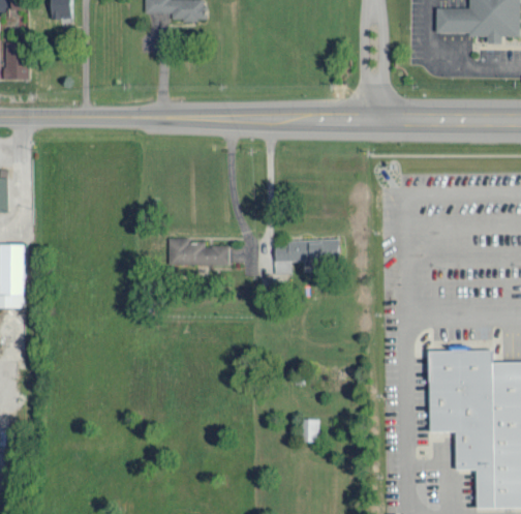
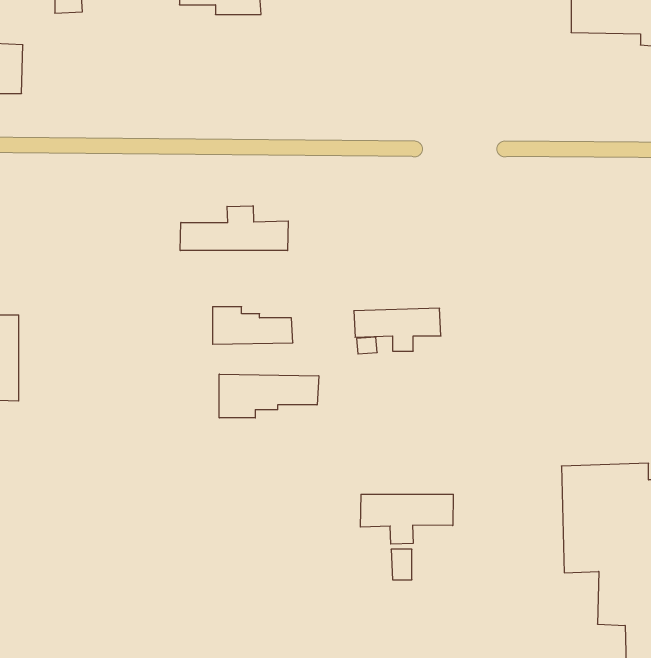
building: none -> [180,206,288,251]
building: none -> [219,374,319,418]
building: none -> [361,494,453,544]

